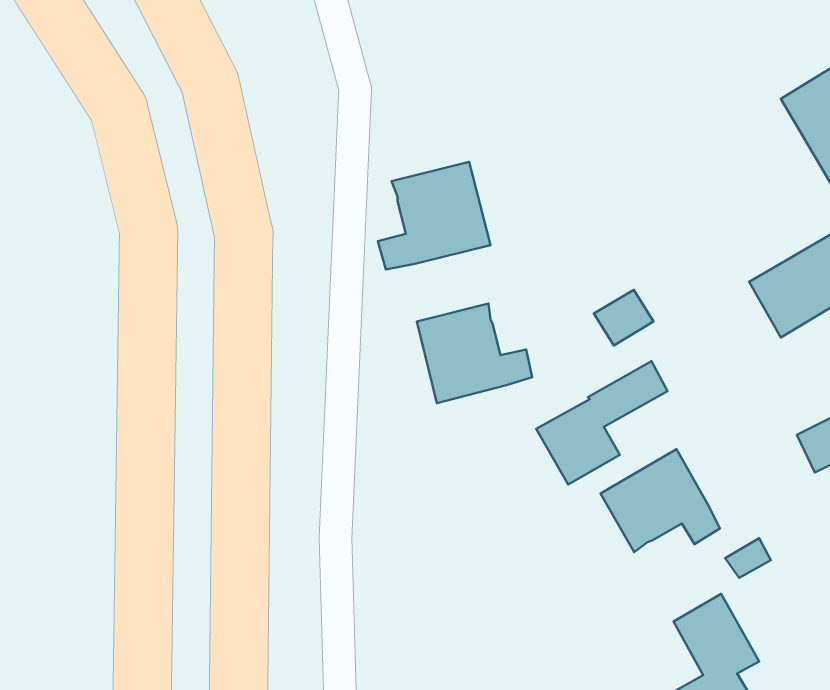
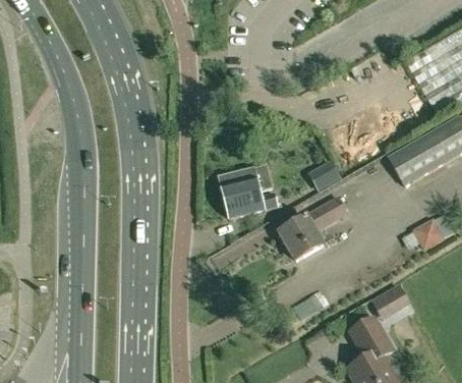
building: [378,162,491,269] -> none
building: [600,449,720,552] -> none

